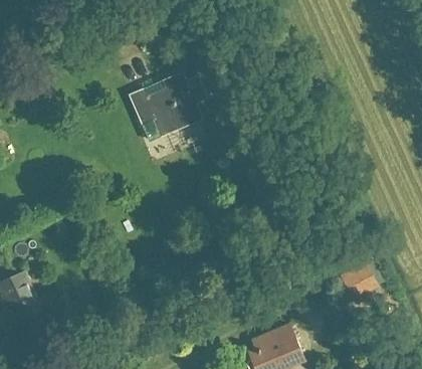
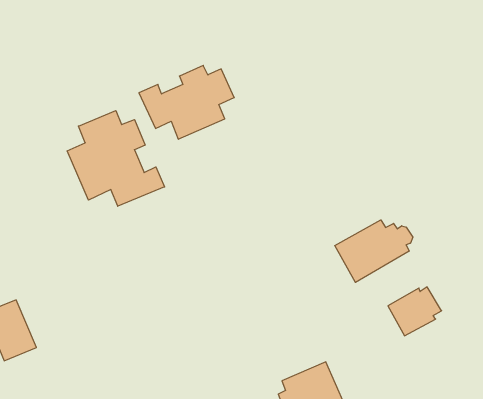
building: none -> [67,111,165,206]
building: none -> [335,220,413,282]

